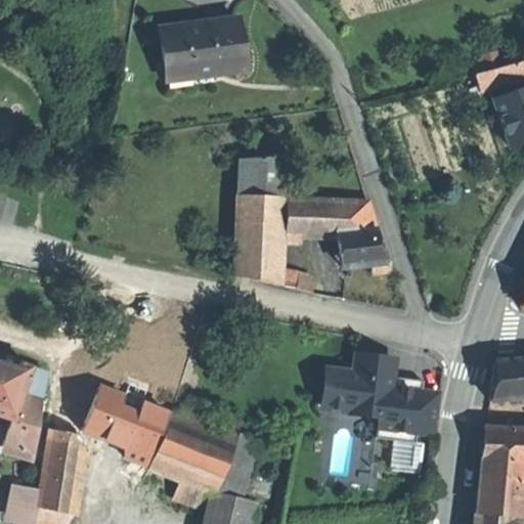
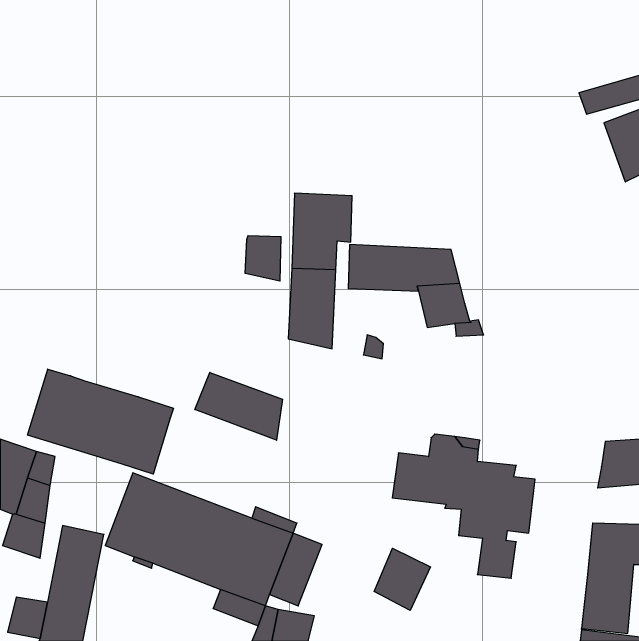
building: [158,15,243,80] -> none
building: none -> [245,236,281,281]
building: none -> [28,369,174,474]
building: none -> [195,372,283,440]
building: none -> [374,548,431,610]

